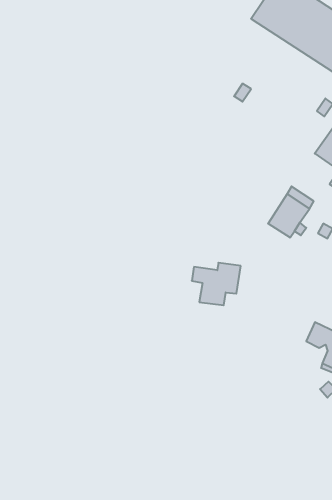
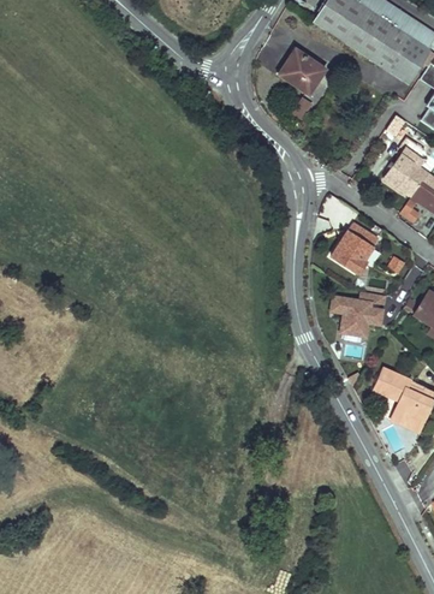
building: none -> [280,48,325,93]
building: [192,263,241,305] -> [329,291,385,339]

